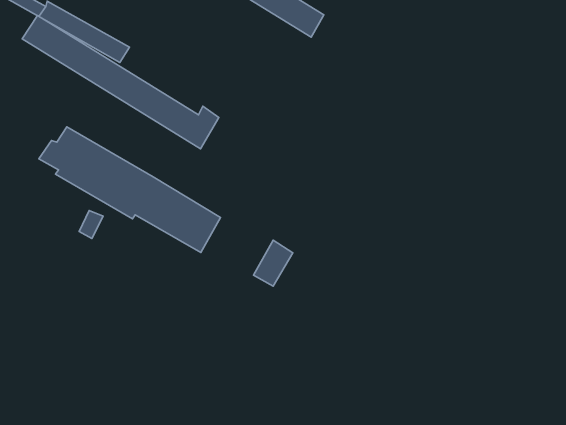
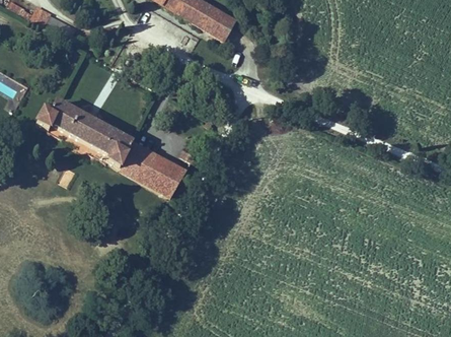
building: [22,16,219,149] -> none
building: [254,240,293,286] -> [150,166,178,200]

